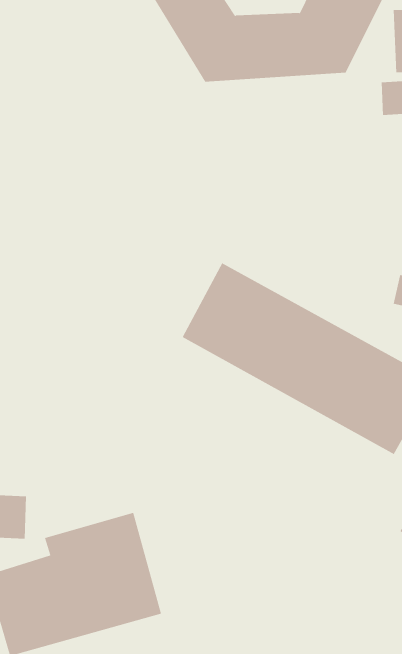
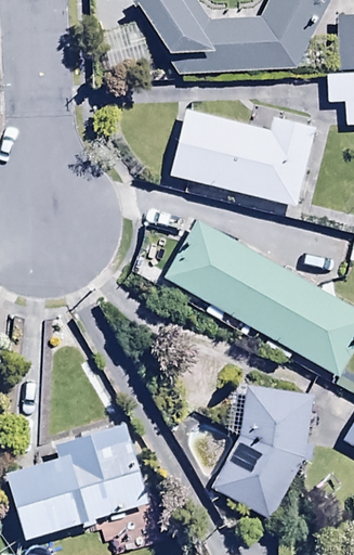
building: none -> [169,108,314,205]
building: none -> [209,386,307,515]

